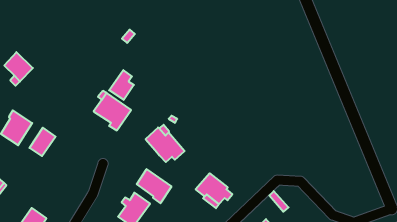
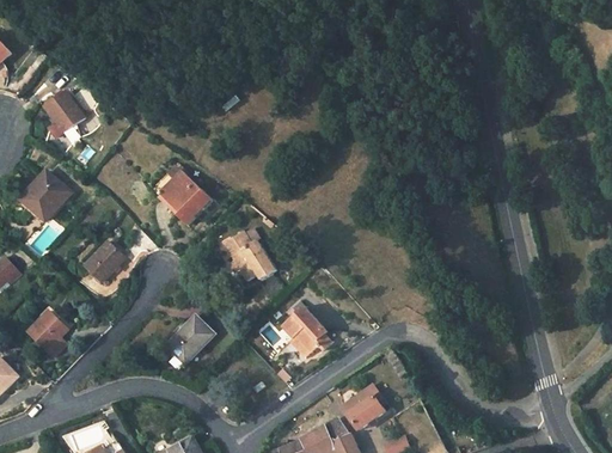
building: [109,70,134,100] -> none
building: [29,128,56,156] -> [84,241,123,281]
building: [137,169,171,203] -> none

